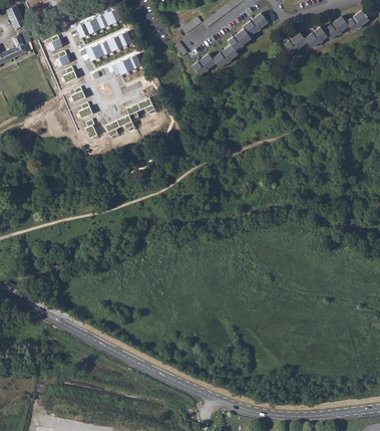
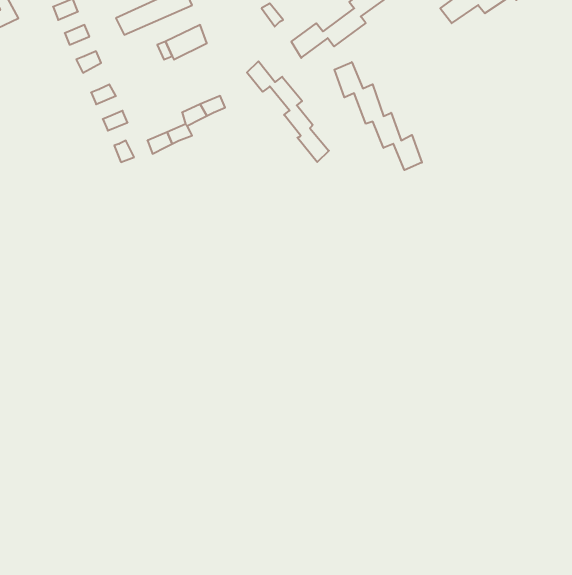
building: none -> [247,61,329,162]
building: none -> [334,62,422,170]

